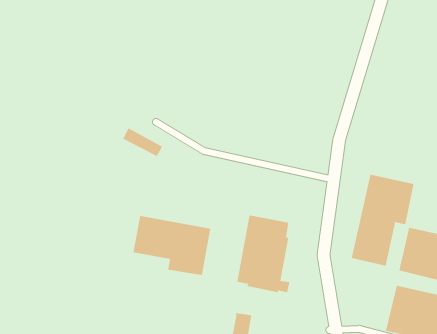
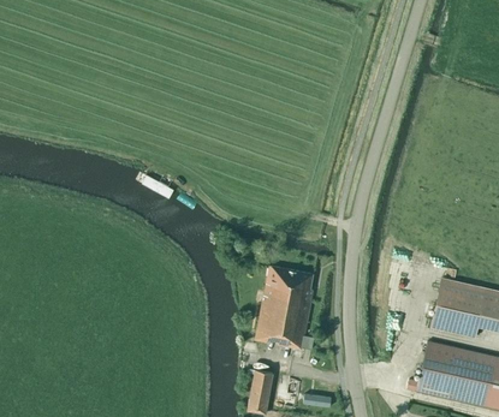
building: [351,174,414,266] -> none
building: [133,215,211,276] -> none

